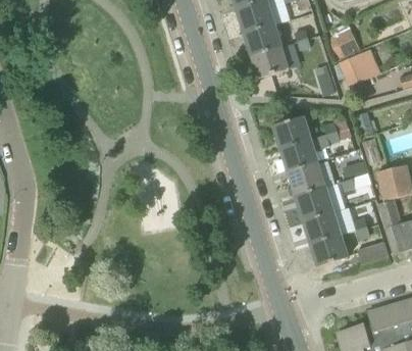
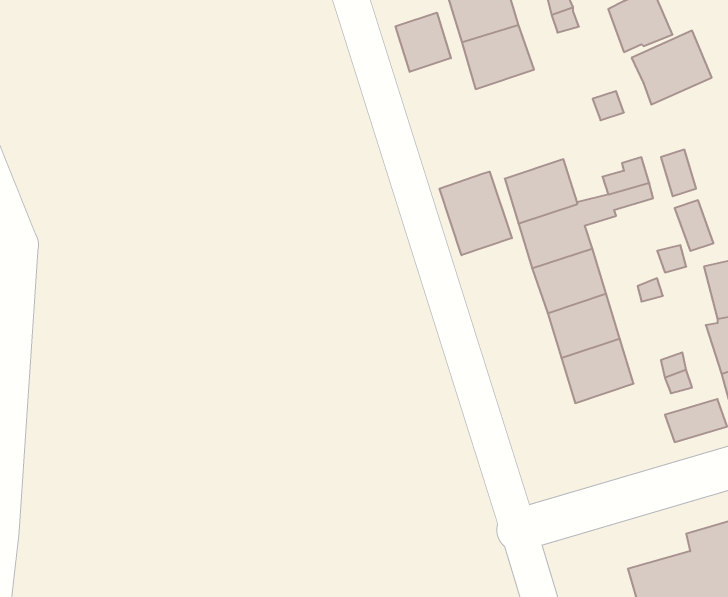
building: none -> [396,13,451,72]
building: none -> [439,172,512,255]
building: [310,234,348,267] -> none

